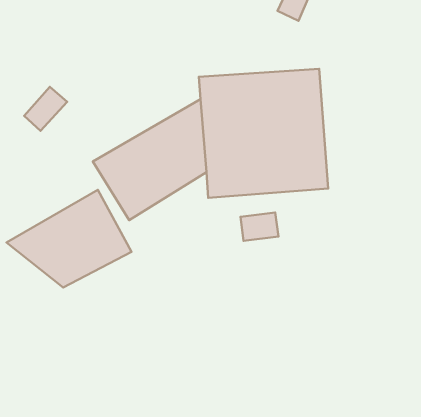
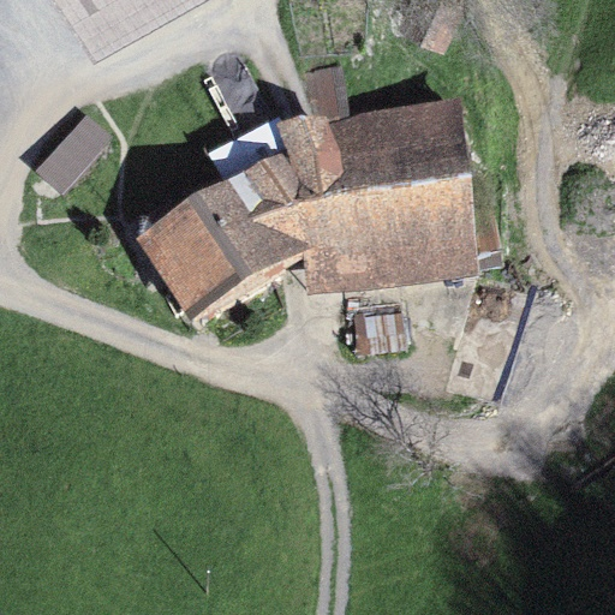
building: [6,190,132,288] -> none

